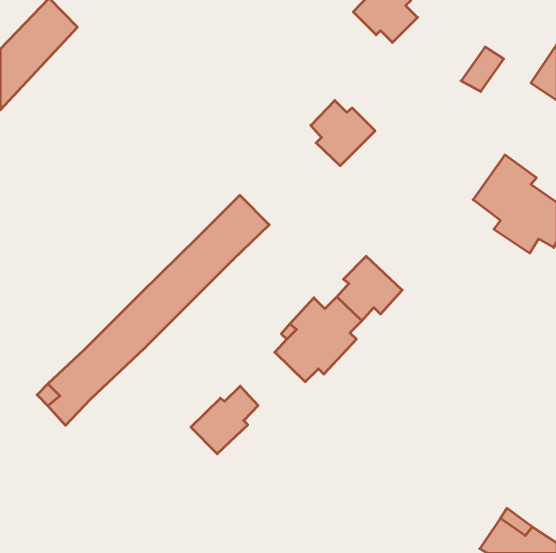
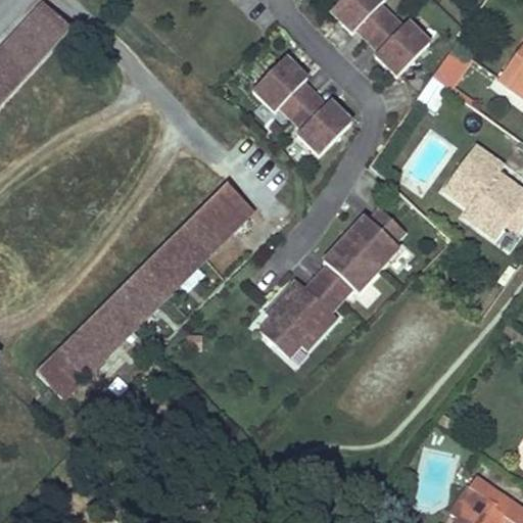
building: none -> [369,16,430,77]
building: none -> [253,57,315,117]
building: none -> [344,209,406,272]
building: [191,386,258,454] -> none

